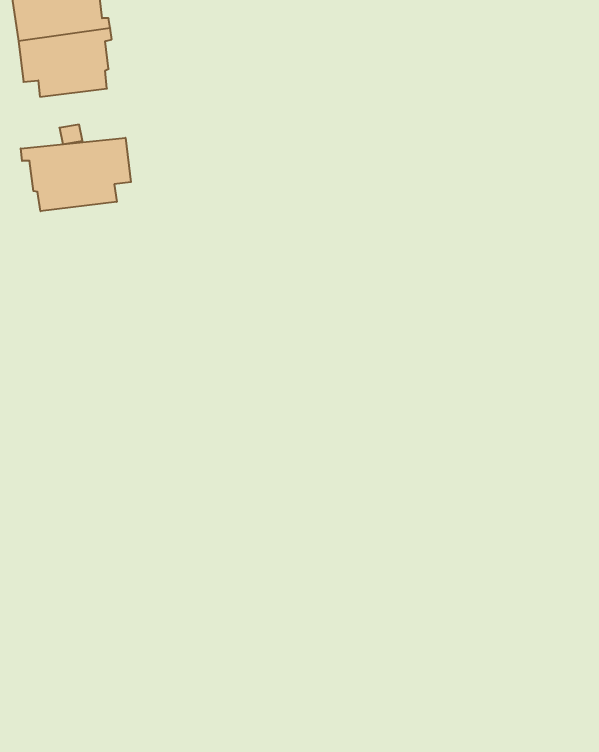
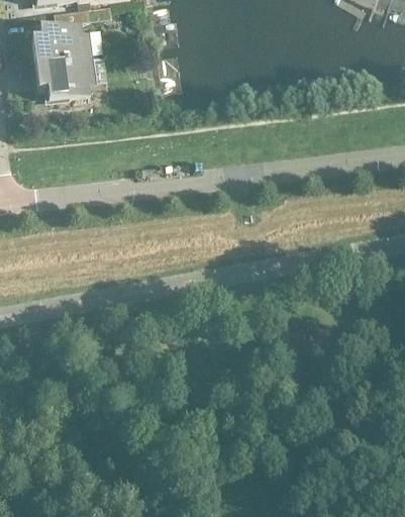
building: [21,138,131,211] -> none

